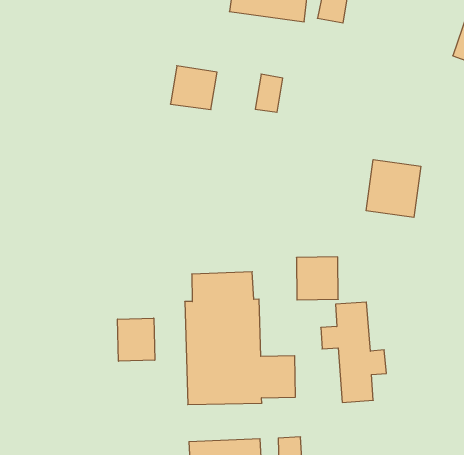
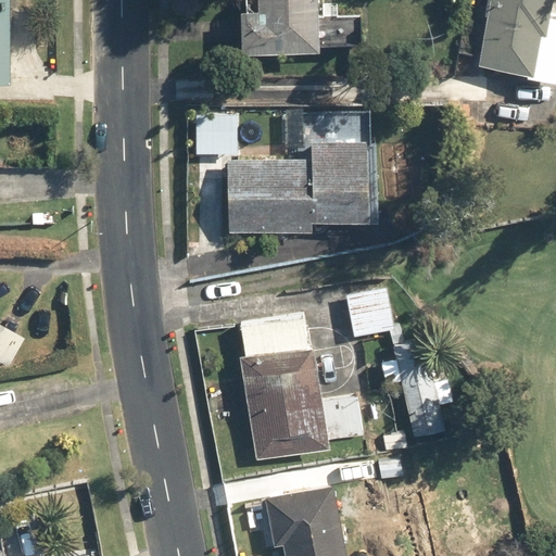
building: none -> [229,115,372,232]
building: [366,160,421,217] -> none
building: [118,318,155,361] -> none

